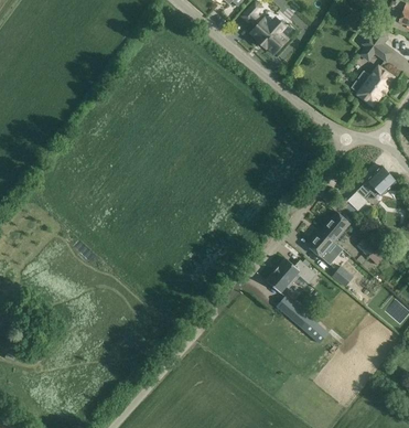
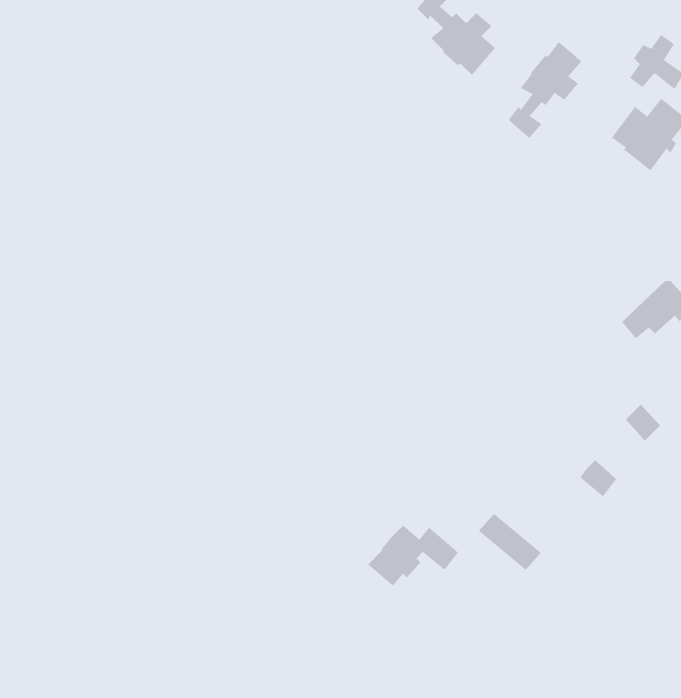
building: none -> [508,41,582,139]
building: [308,211,349,264] -> none
building: [266,258,316,292] -> [367,525,459,586]

